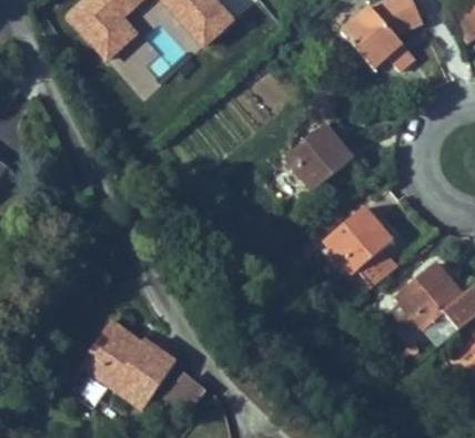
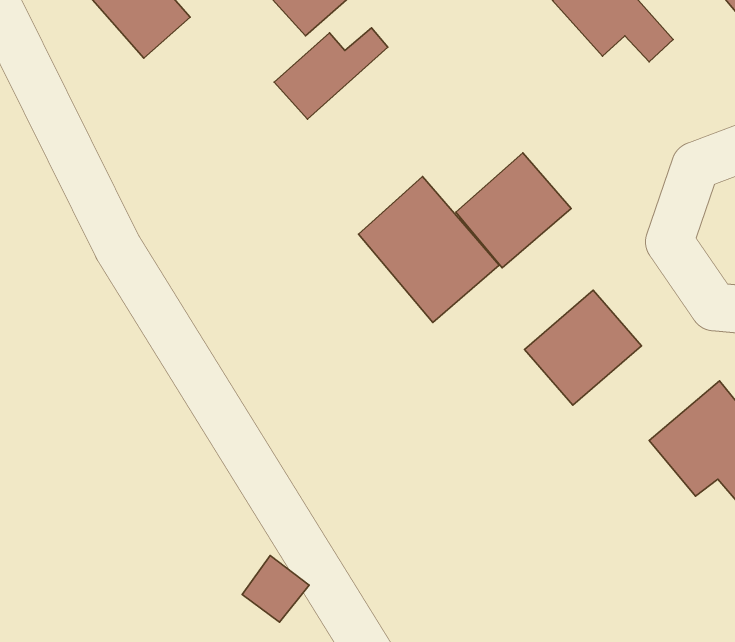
building: none -> [274,28,388,119]
building: none -> [358,177,499,322]
building: [70,313,168,400] -> none

